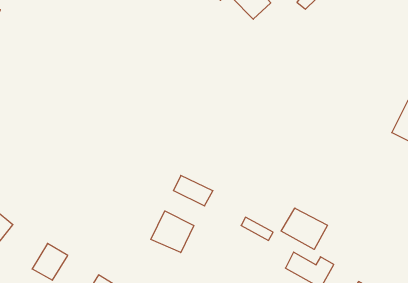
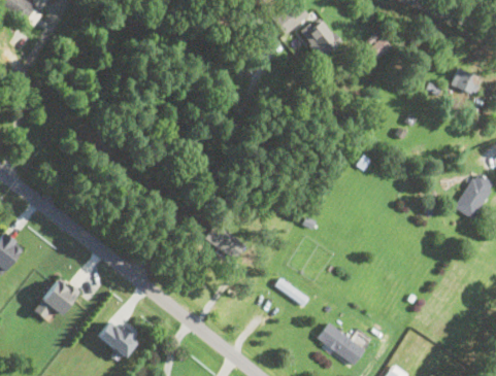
building: none -> [451,69,483,97]
building: [281,208,327,249] -> none
building: [151,211,194,253] -> none

